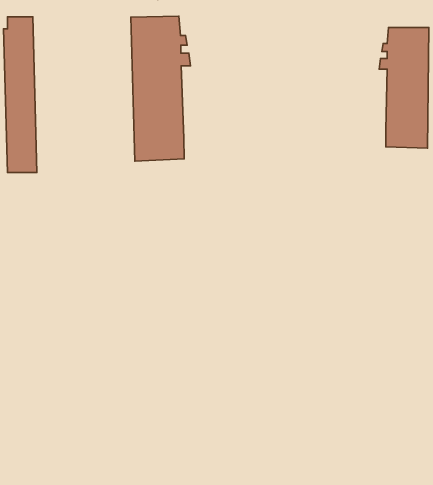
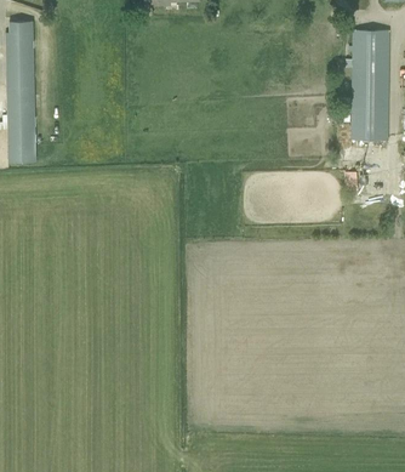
building: [131,16,191,161] -> none

